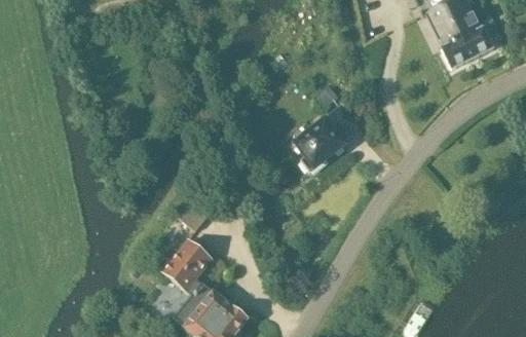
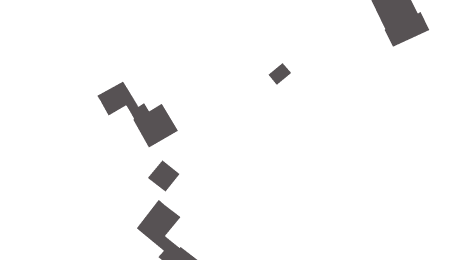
building: none -> [96,81,179,149]
building: [295,105,355,170] -> none

